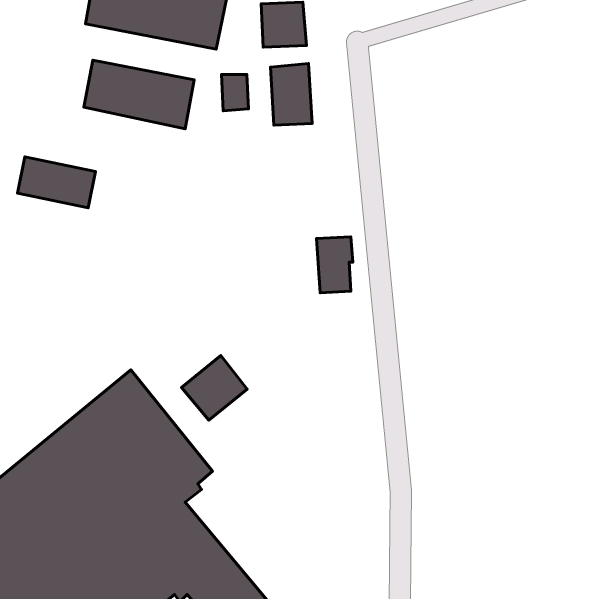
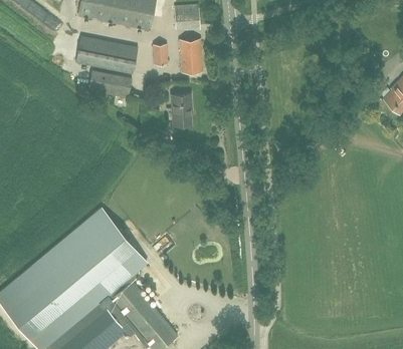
building: [18,157,96,208] -> [88,69,132,97]
building: [316,237,353,293] -> [172,93,192,124]
building: [182,355,247,420] -> none

